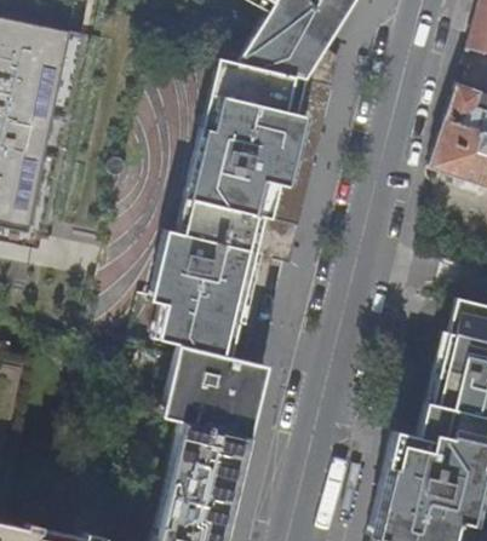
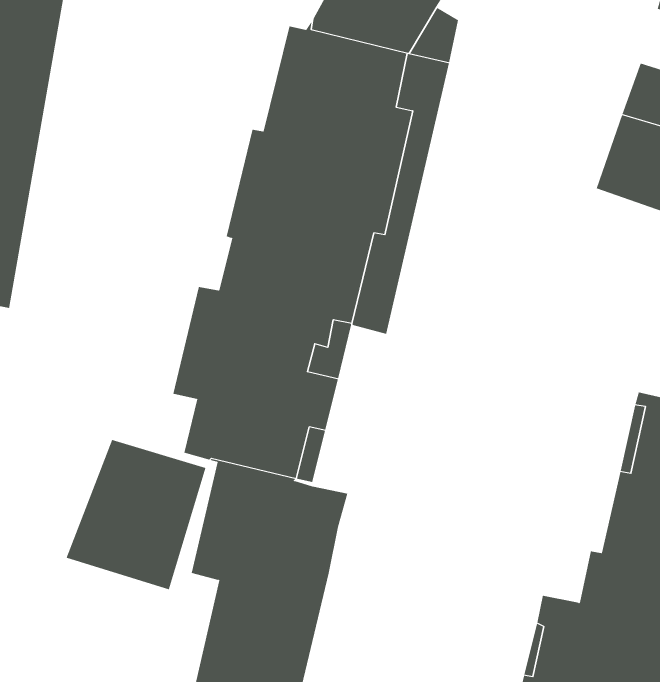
building: none -> [66,439,206,590]

